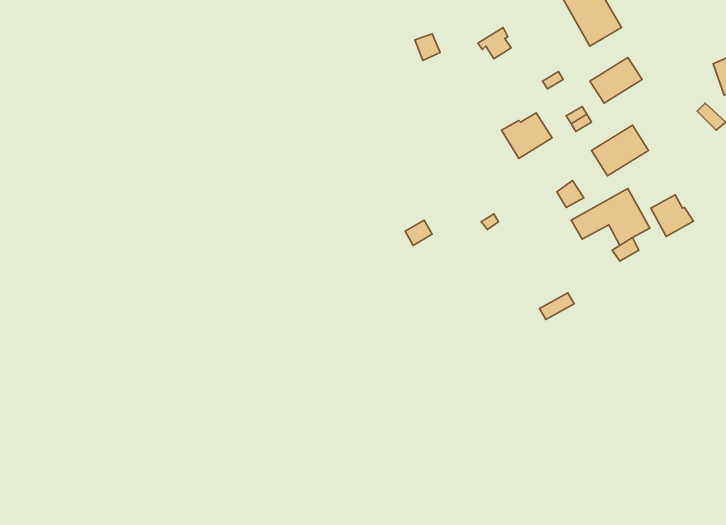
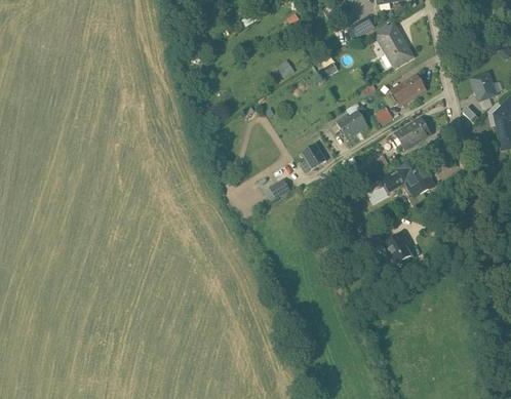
building: none -> [302,143,327,170]
building: [651,195,693,236] -> none
building: none -> [386,234,412,265]

